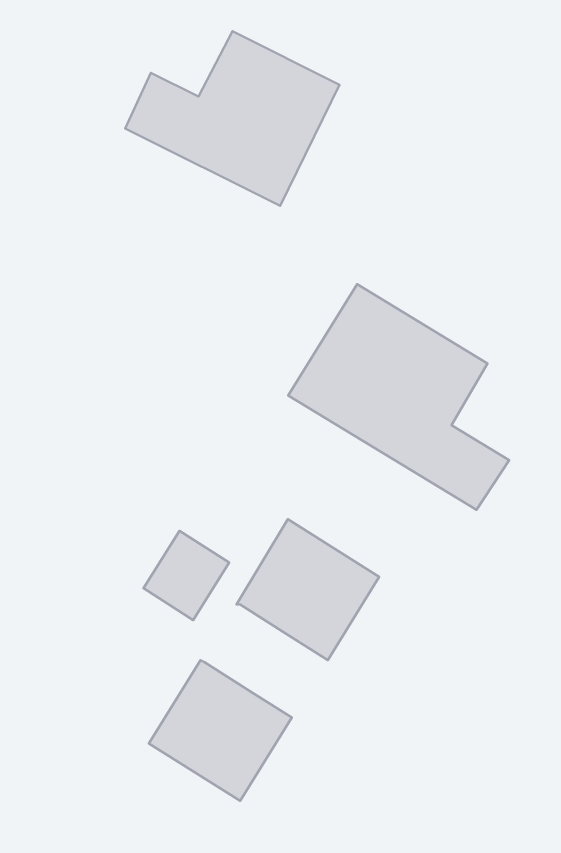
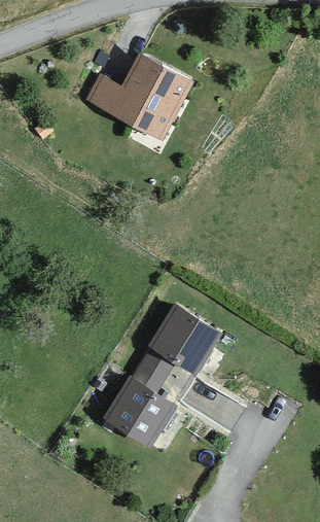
building: [288,284,509,510] -> none
building: [144,531,229,620] -> [129,347,173,393]

